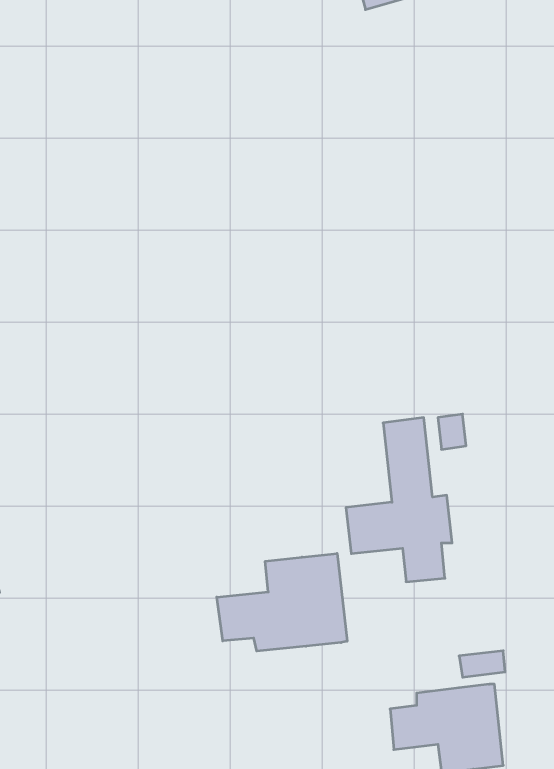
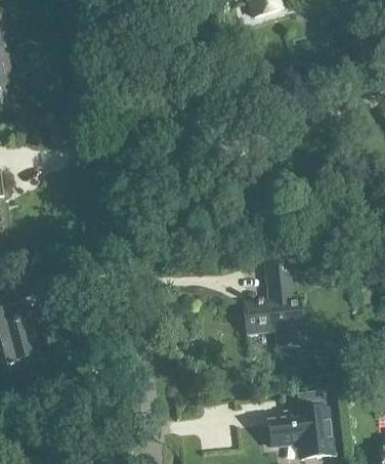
building: [217,553,347,651] -> none

